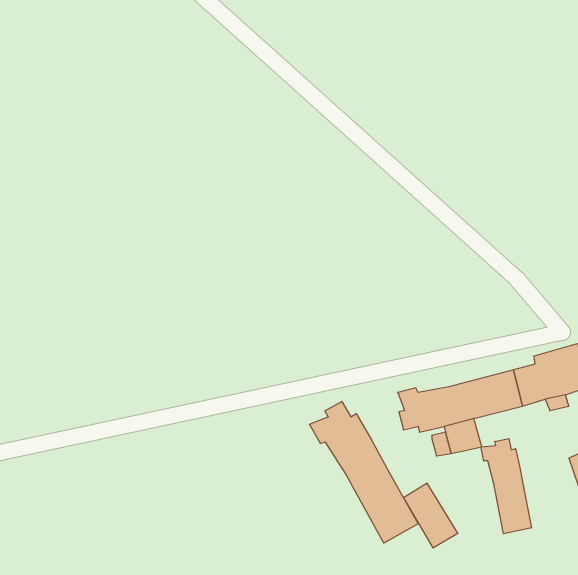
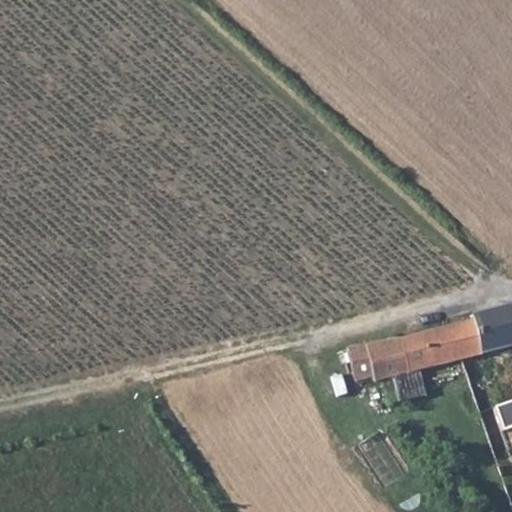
building: [309,401,418,543] -> none
building: [481,439,532,534] -> none

